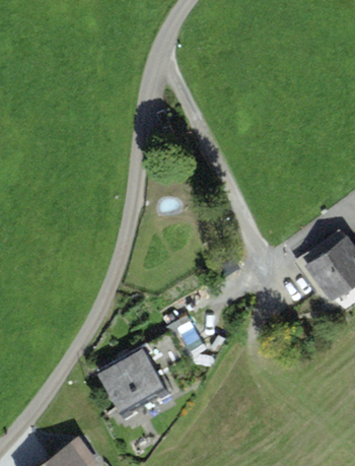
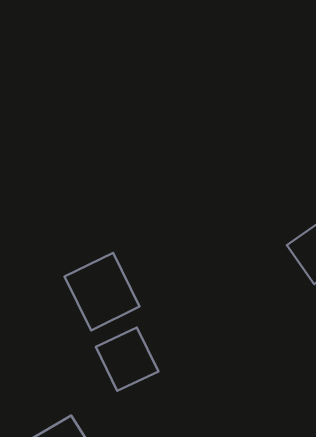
building: none -> [65,253,140,330]

